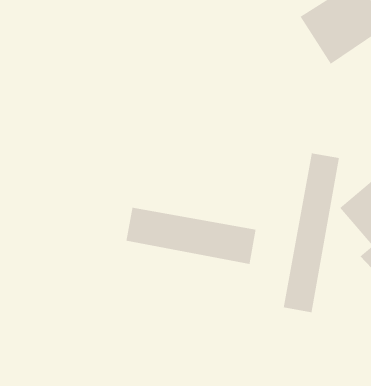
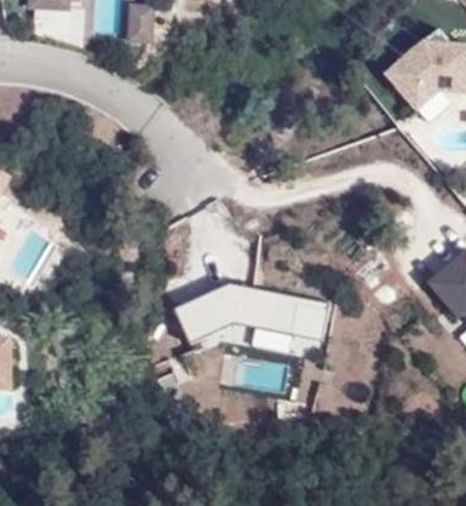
building: [283,153,340,313] -> none

